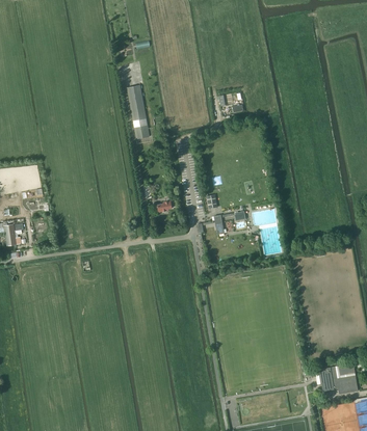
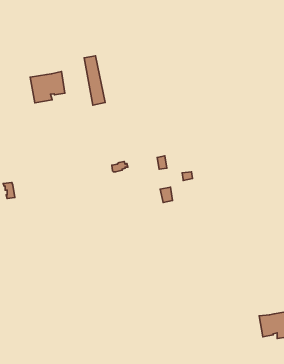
building: none -> [30,71,65,103]

